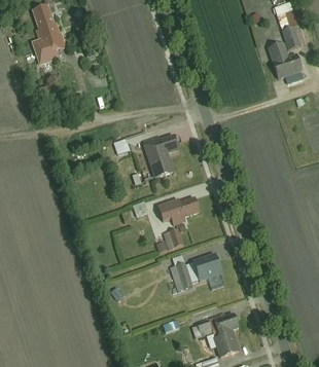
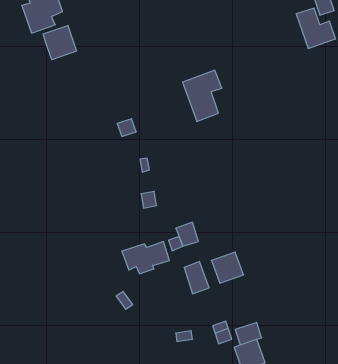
building: none -> [43,25,76,60]
building: [144,135,178,179] -> [183,70,222,121]
building: [158,196,200,224] -> [122,242,169,274]

